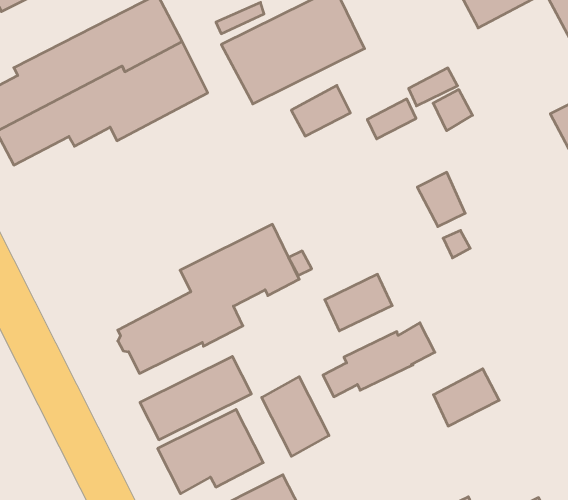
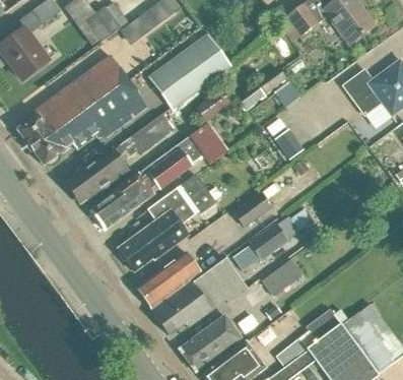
building: none -> [68,113,175,201]
building: none -> [91,122,228,229]
building: [433,369,499,426] -> [261,261,298,297]

